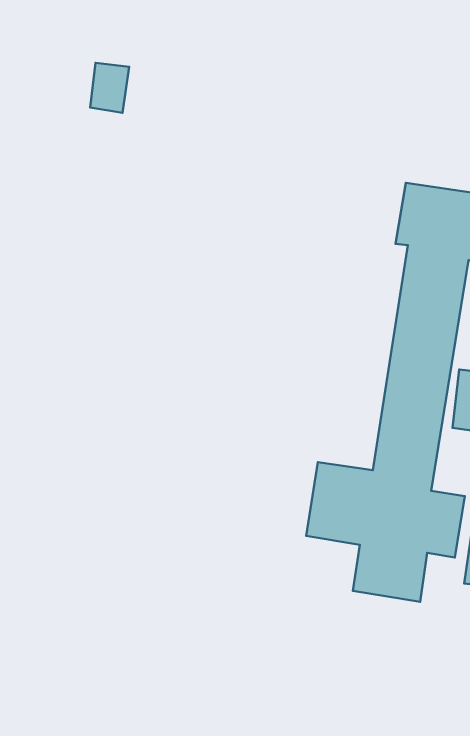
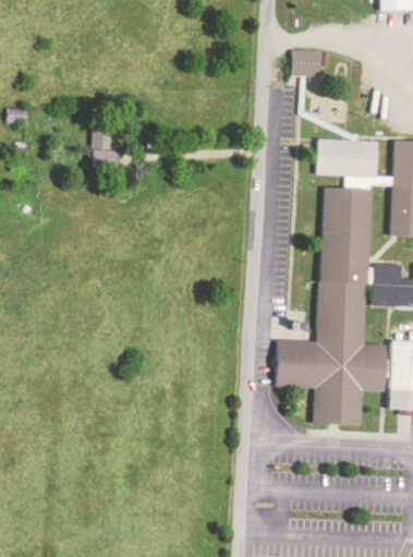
building: none -> [288,49,318,75]
building: [90,63,129,113] -> [87,129,111,161]

